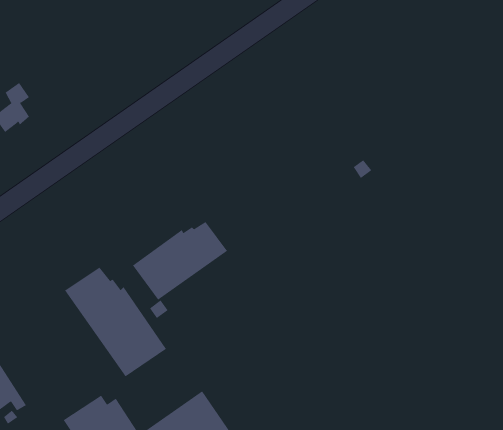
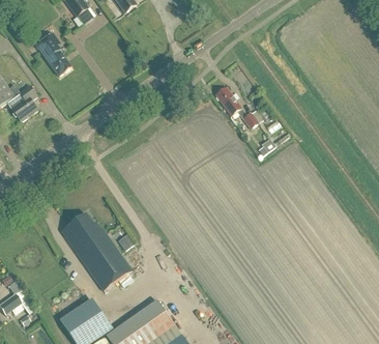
building: none -> [35,32,70,75]
building: none -> [214,86,258,127]
building: [132,221,228,300] -> none

